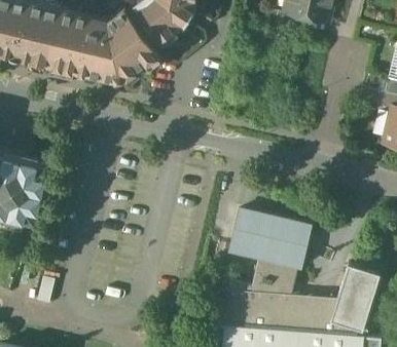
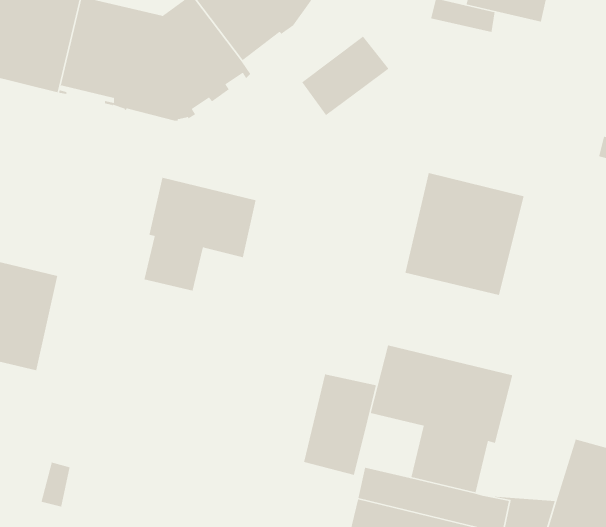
building: none -> [301,36,390,116]
building: none -> [405,172,525,296]
building: none -> [144,177,256,291]
building: none -> [303,374,377,476]

